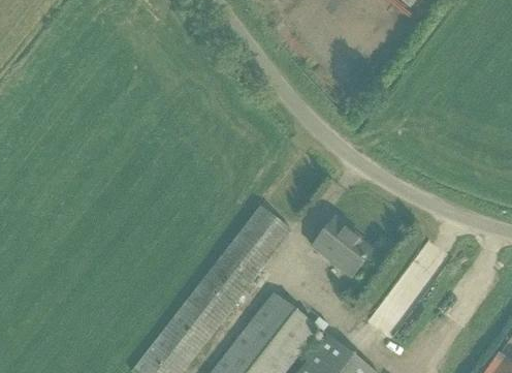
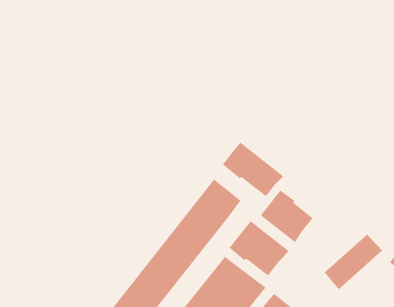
building: none -> [222,142,284,197]
building: none -> [229,220,290,276]

